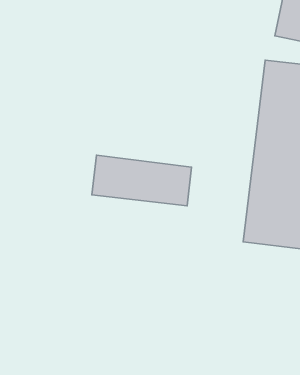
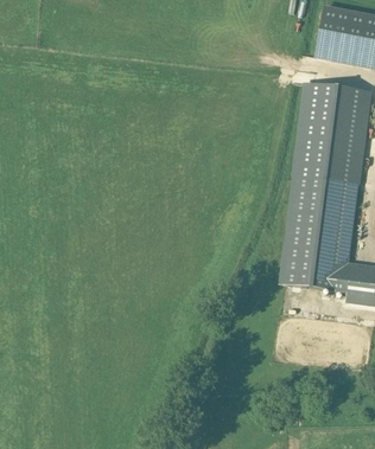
building: [92,155,192,206] -> none

